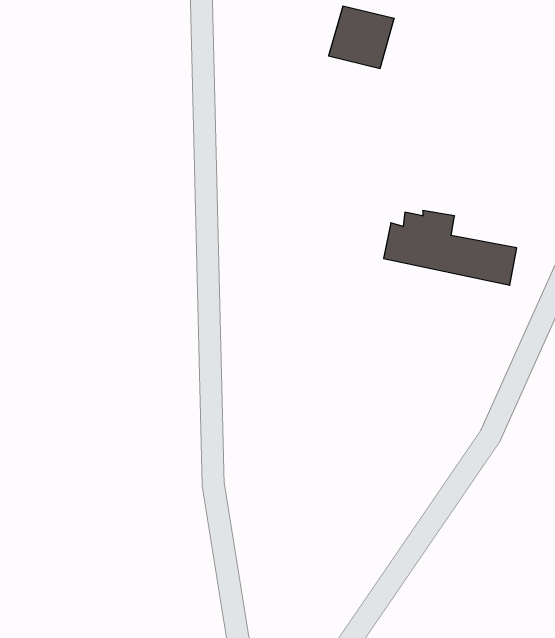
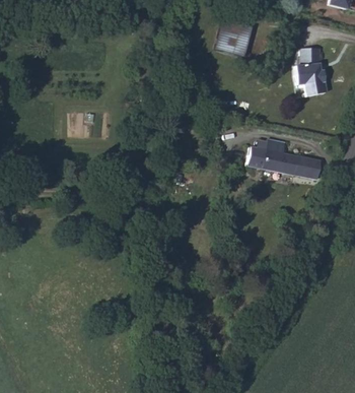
building: none -> [296,49,326,95]

